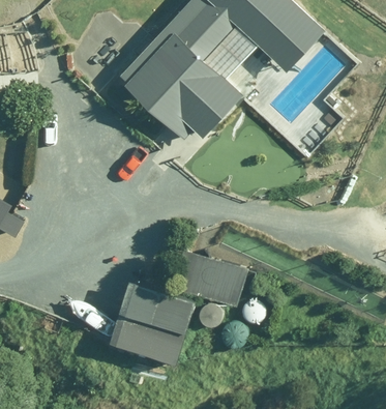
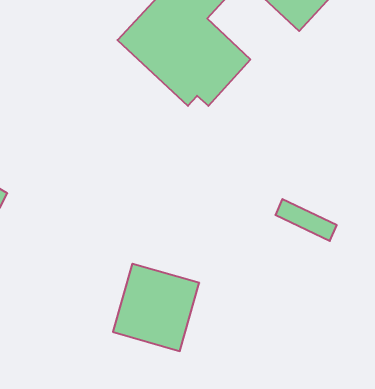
building: [176,253,246,308] -> none

